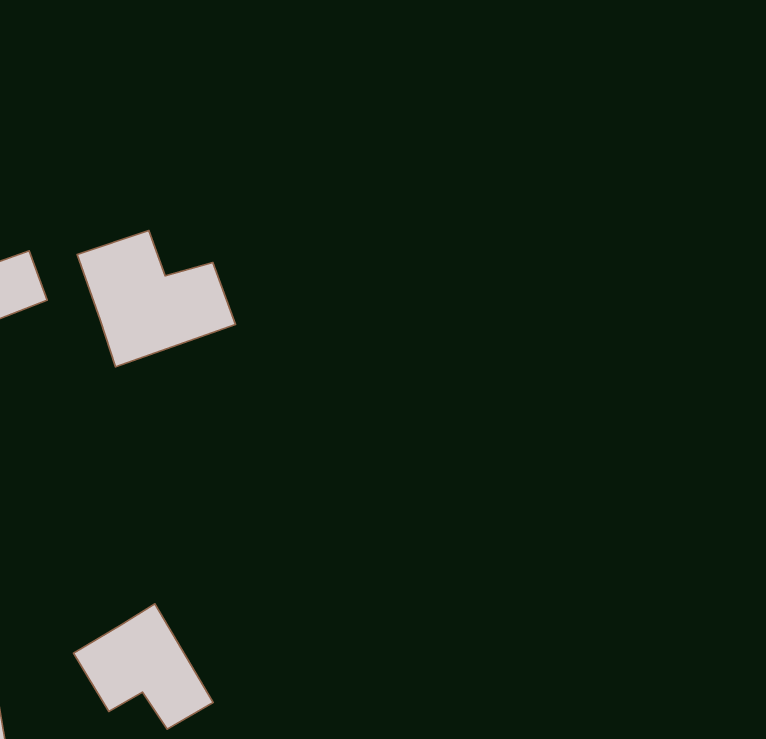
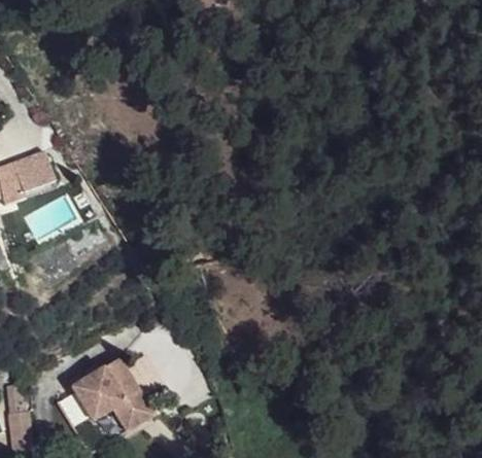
building: [77,230,235,367] -> none

